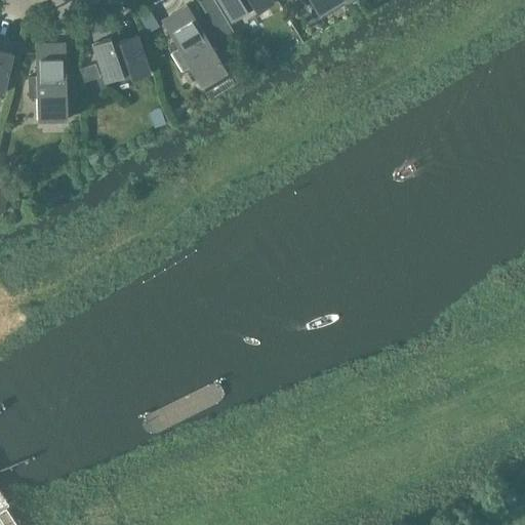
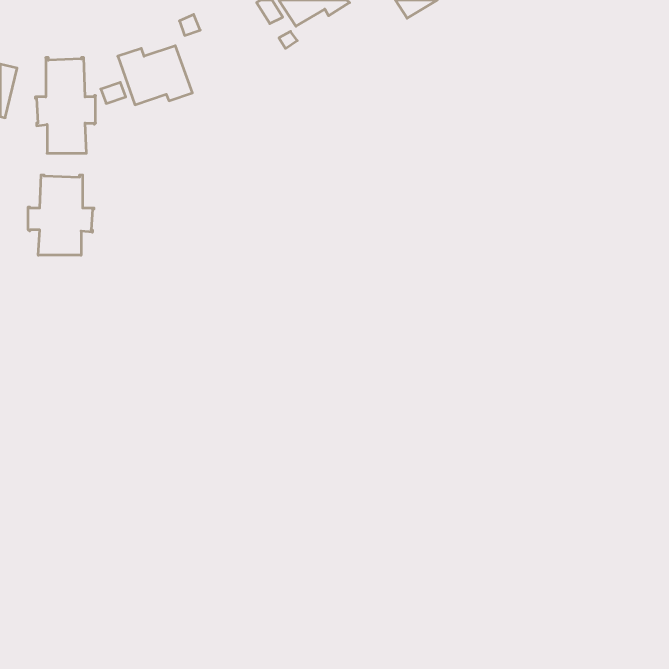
building: [163,6,228,86] -> none
building: none -> [28,175,94,255]

